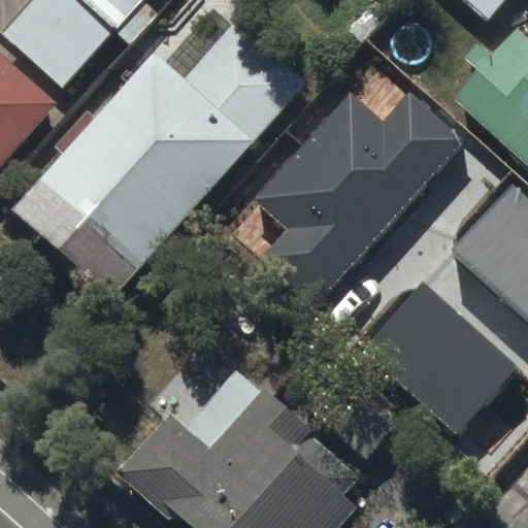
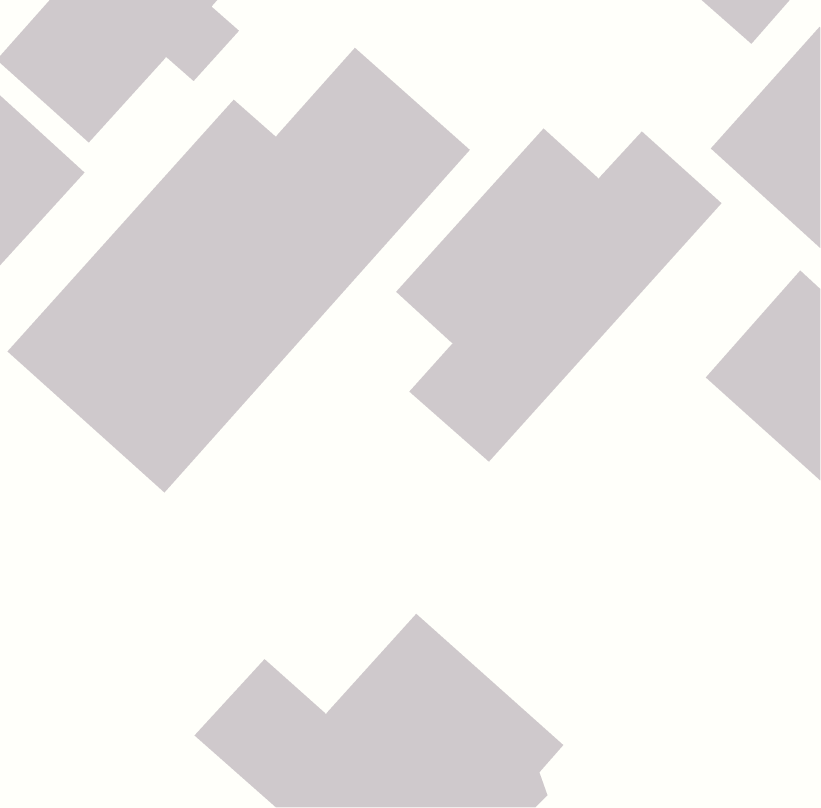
building: [362,274,518,427] -> none

